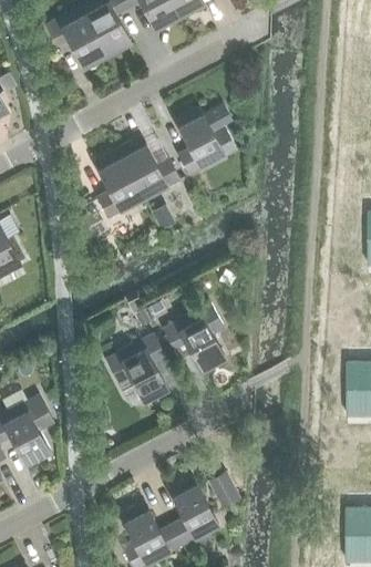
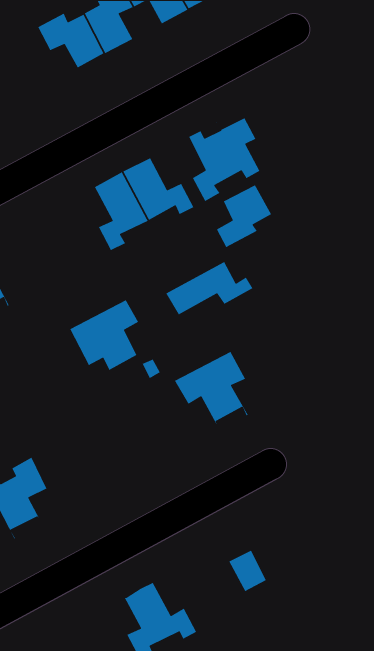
building: none -> [216,177,276,248]
building: none -> [165,255,253,315]
building: [107,338,169,406] -> [69,299,142,379]
building: [169,480,220,548] -> none

